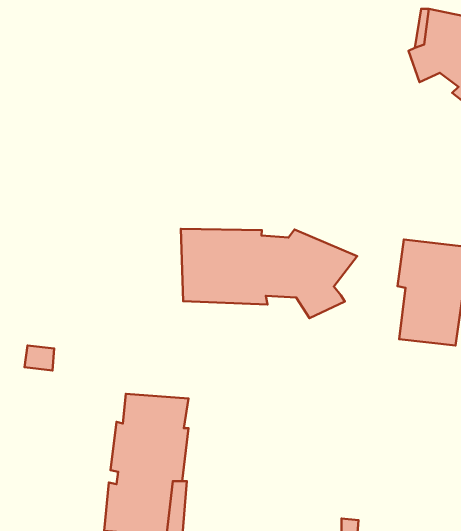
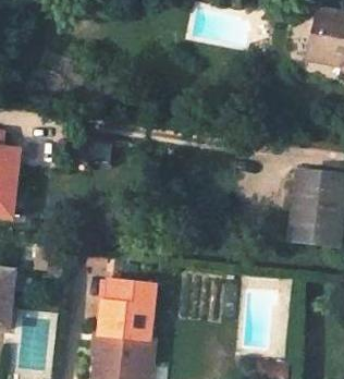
building: [181,229,357,318] -> none

